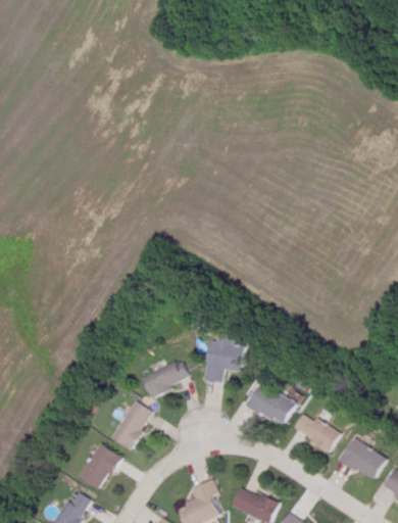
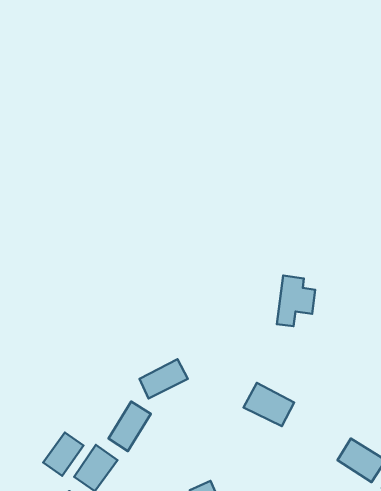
building: [205,332,243,382] -> [277,276,315,326]
building: [293,412,339,451] -> none
building: none -> [43,433,84,476]

